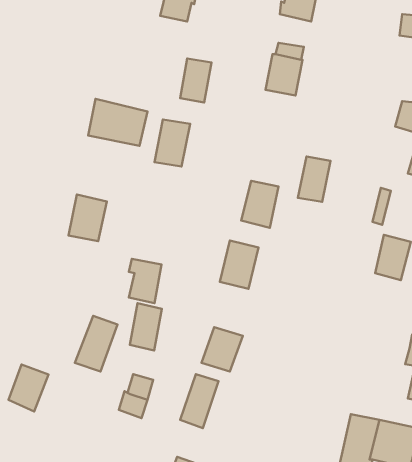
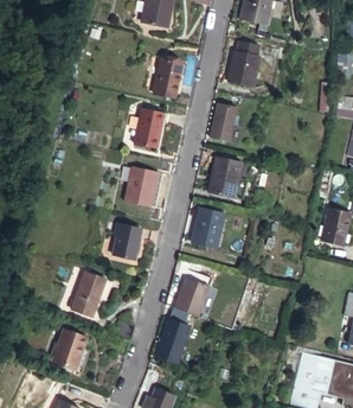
building: [88,99,148,146] -> none
building: [298,156,331,202] -> [212,106,239,144]
building: [68,194,107,241] -> [127,166,159,205]
building: [130,303,162,351] -> none
building: [9,364,48,411] -> [52,327,85,366]

